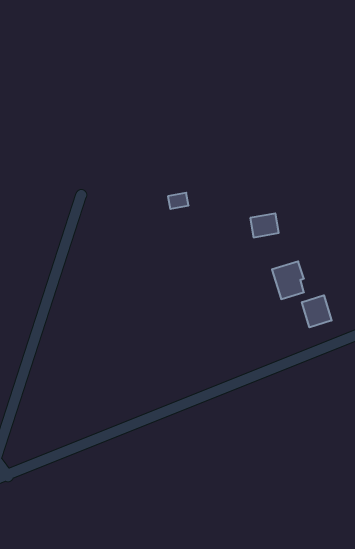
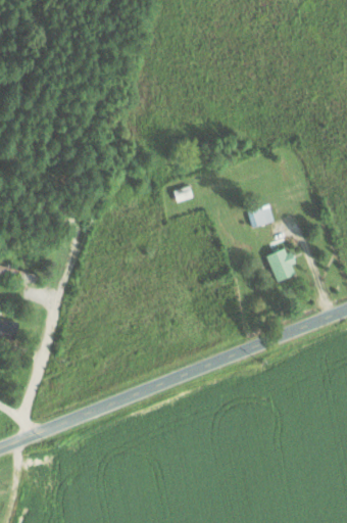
building: [302,295,332,327] -> none

